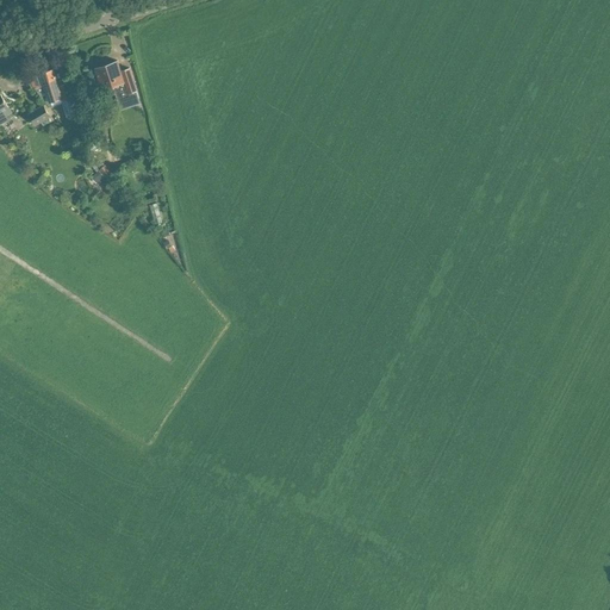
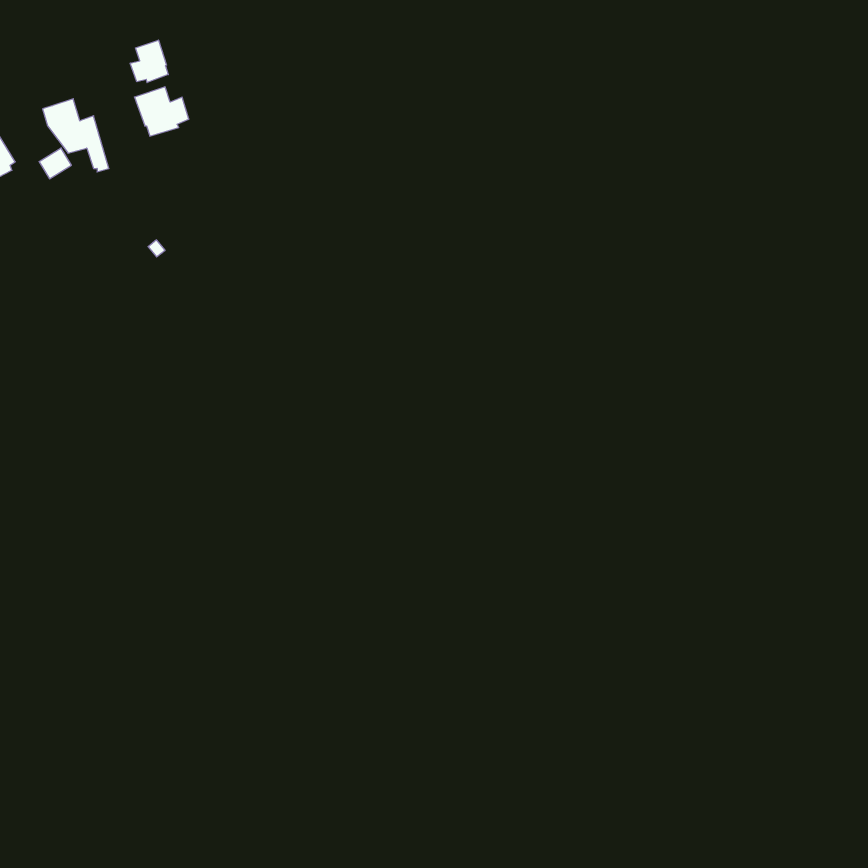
building: none -> [130,40,168,83]

